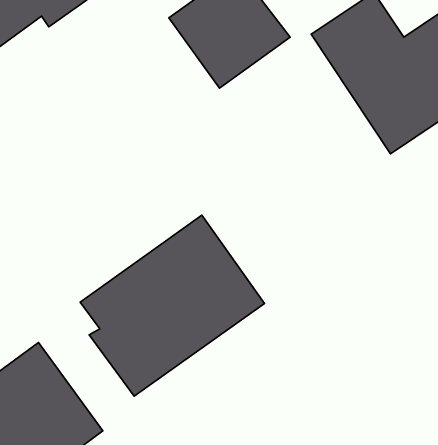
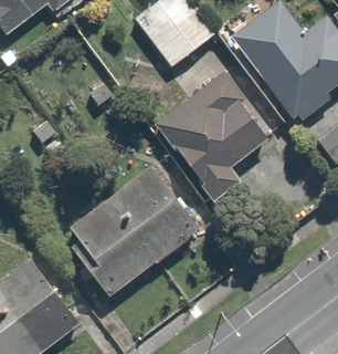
building: none -> [151,73,268,202]

